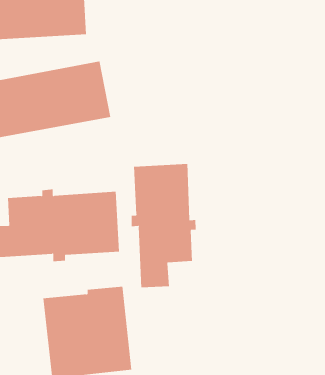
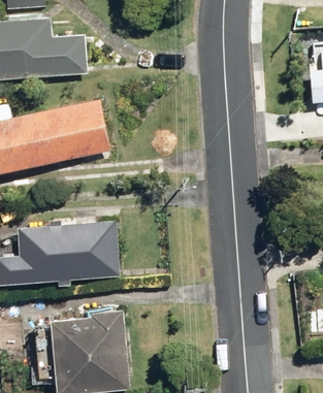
building: [131,163,196,288] -> none

